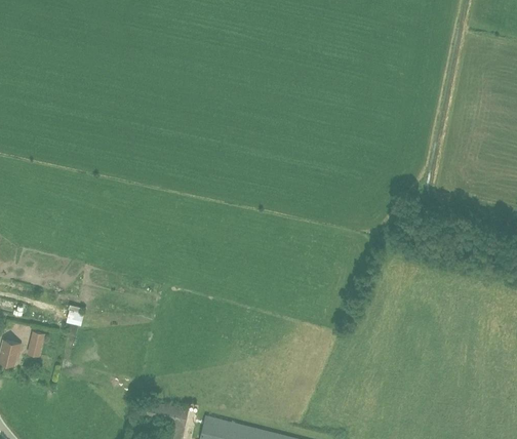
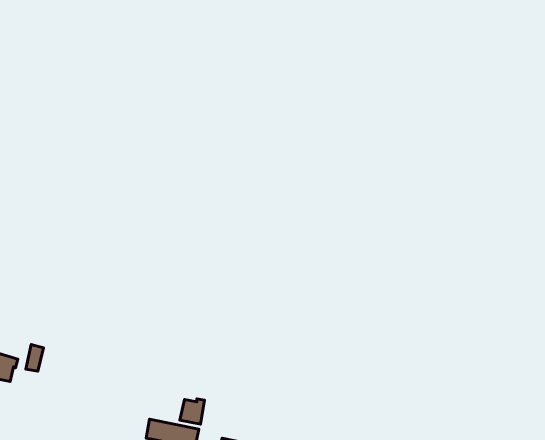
building: none -> [180,399,204,424]

